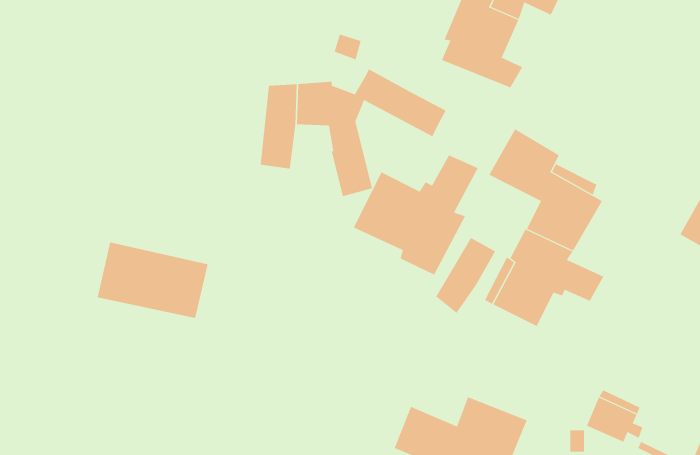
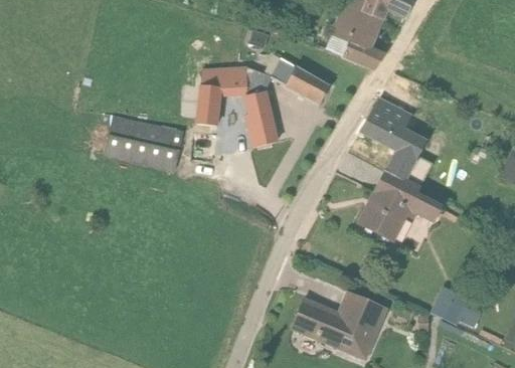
building: [353,155,479,275] -> none
building: [435,237,496,314] -> none
building: [97,242,208,318] -> [104,116,184,171]

